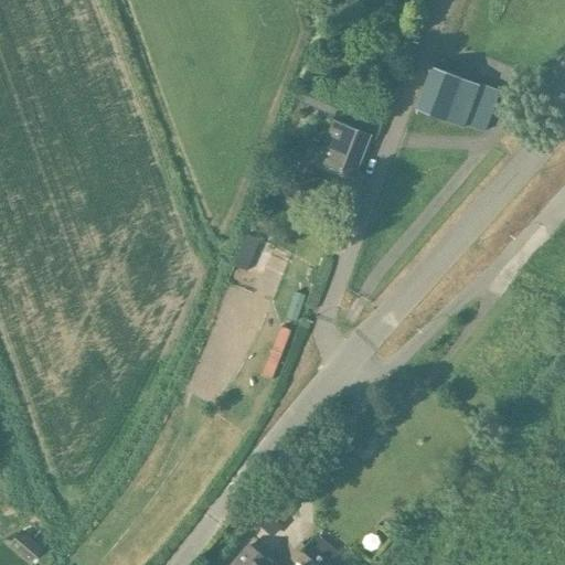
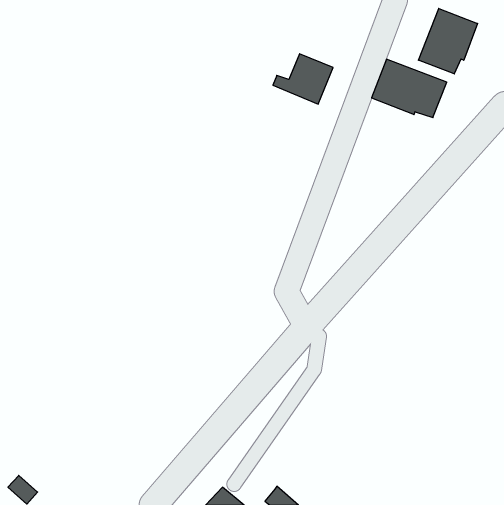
building: none -> [418,8,478,74]
building: [305,119,372,175] -> [273,54,333,104]

